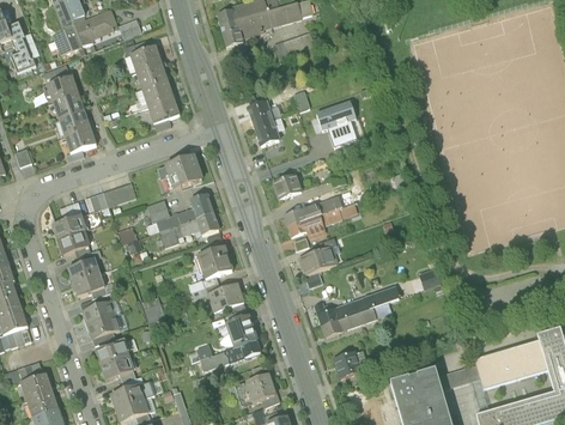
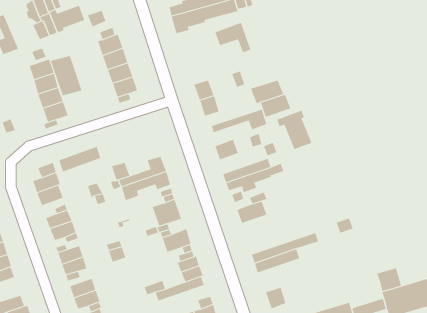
building: none -> [50,55,82,96]
building: none -> [211,109,267,133]
building: none -> [276,110,312,150]
building: [157,156,202,188] -> none
building: none -> [376,267,402,292]

